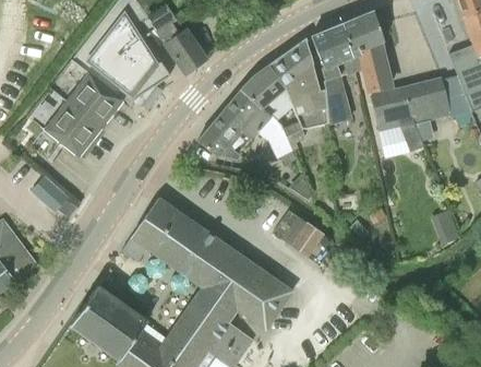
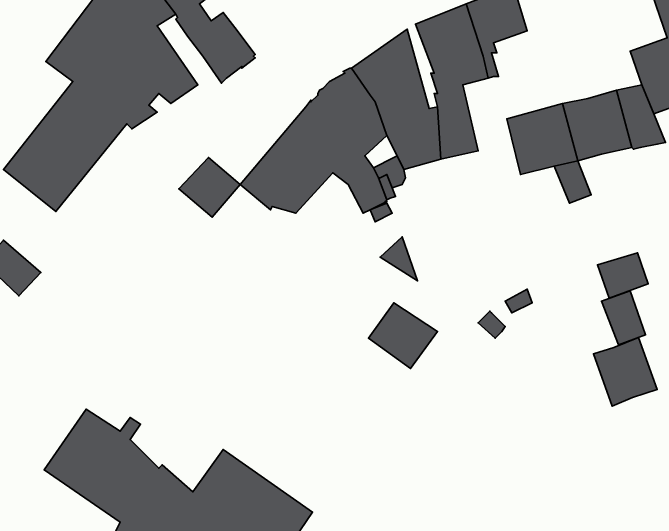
building: [359,40,393,94] -> none
building: none -> [179,158,240,217]
building: none -> [597,253,648,298]
building: [120,198,290,352] -> none
building: none -> [594,337,657,406]

